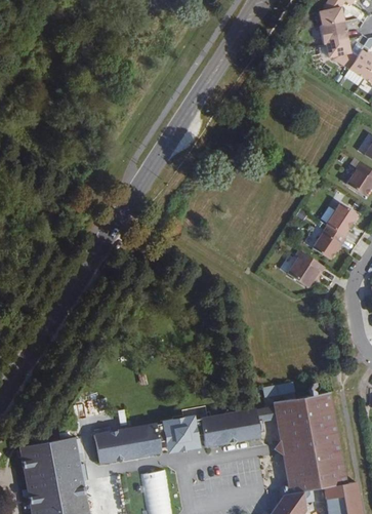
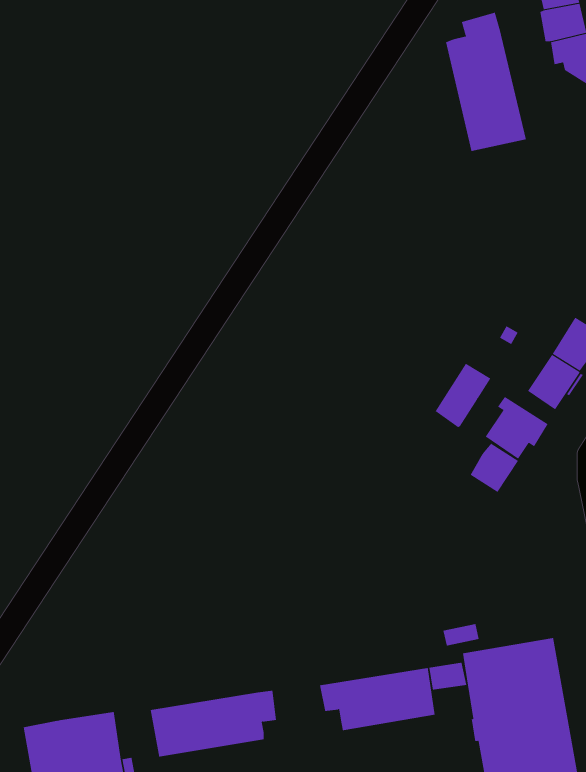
building: none -> [445,12,527,152]
building: none -> [435,363,491,428]
building: none -> [470,443,519,493]
building: [160,419,205,450] -> none

